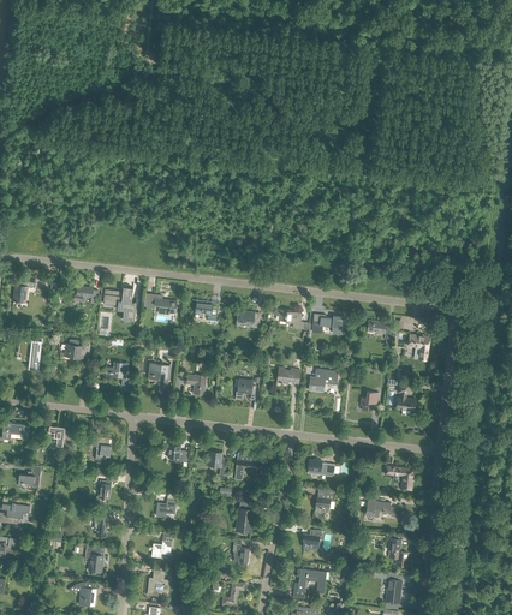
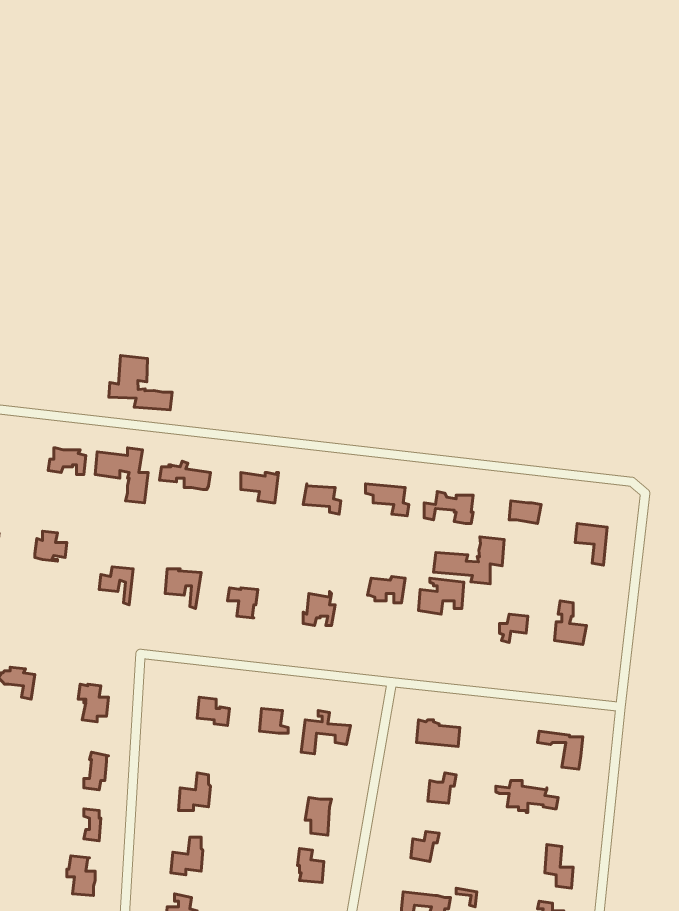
building: none -> [109,355,172,410]
building: none -> [433,537,504,584]

